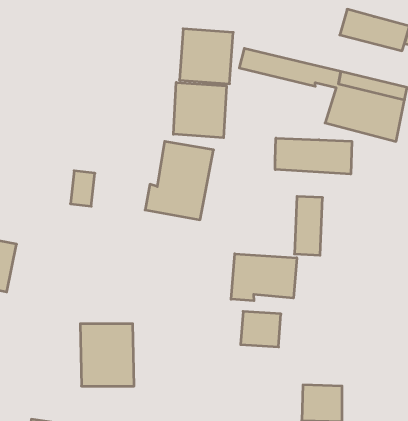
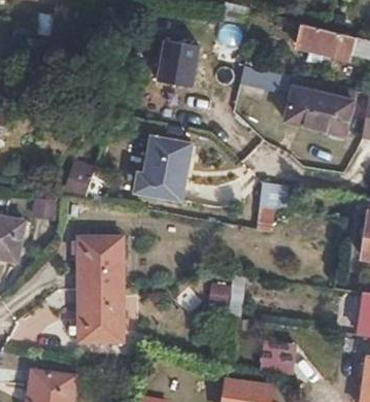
building: [173,82,226,138] -> none
building: [275,138,352,174] -> none
building: [231,254,297,301] -> none
building: none -> [77,236,122,289]

